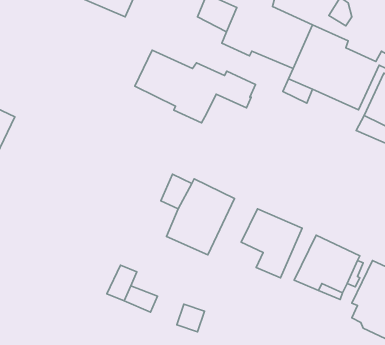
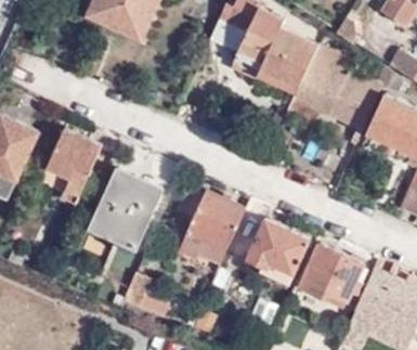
building: [135,50,255,123] -> none
building: none -> [43,127,102,202]
building: none -> [91,165,161,241]

